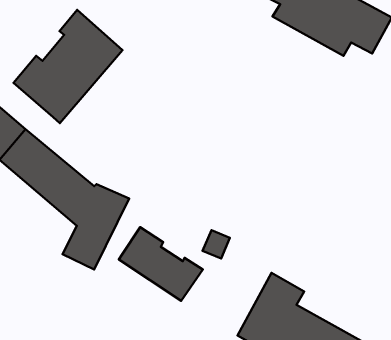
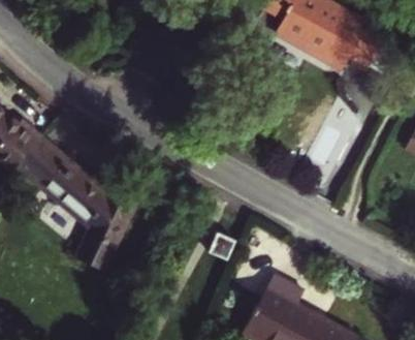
building: [13,10,122,123] -> none
building: [119,227,203,301] -> none

